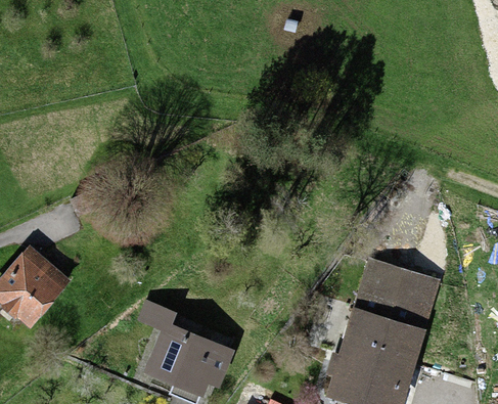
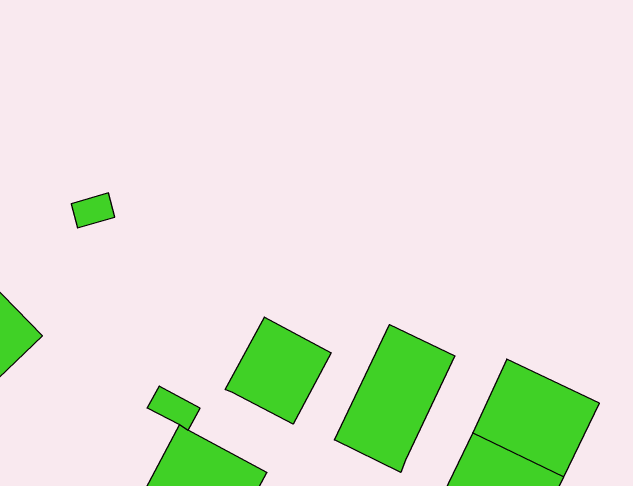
building: none -> [334,325,455,472]
building: none -> [225,317,331,424]

